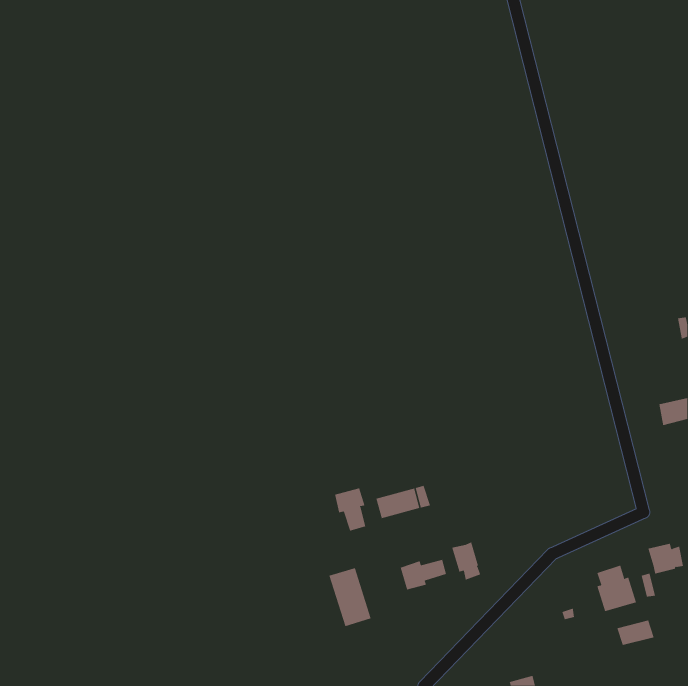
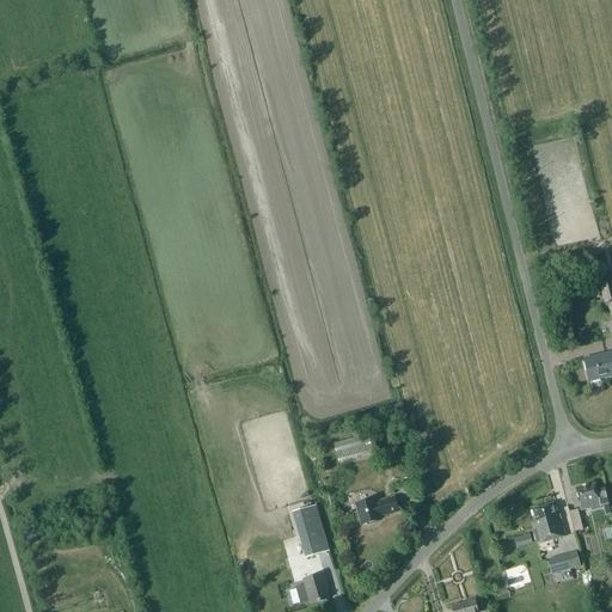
building: [335,487,366,532] -> none
building: [451,542,481,581] -> none
building: none -> [295,573,328,602]

